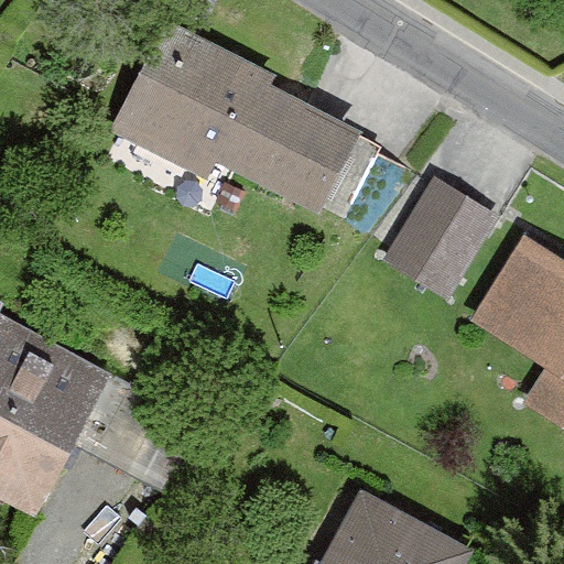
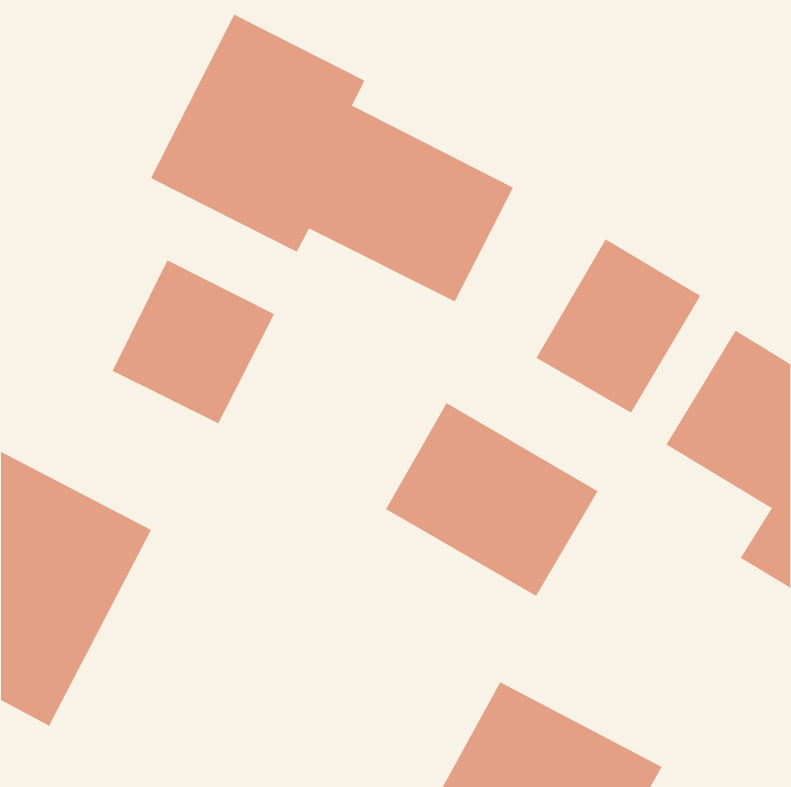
building: none -> [112,259,275,424]
building: none -> [385,402,598,597]

